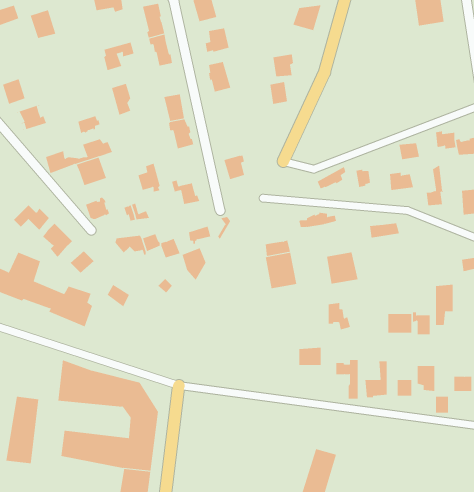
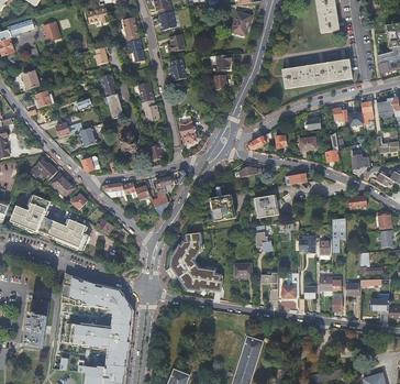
building: none -> [281,59,352,89]
building: none -> [171,232,223,292]

